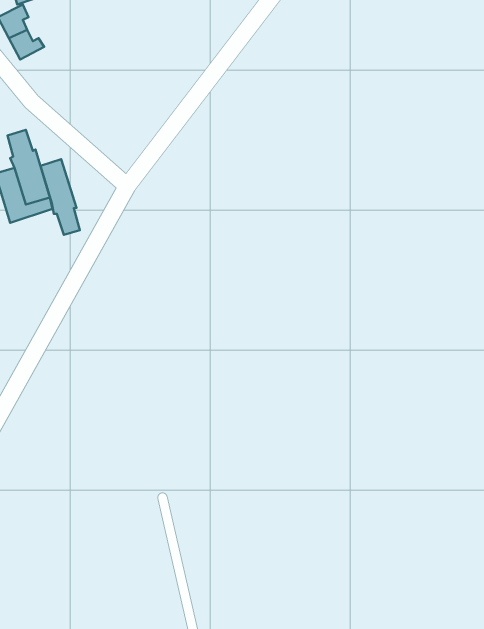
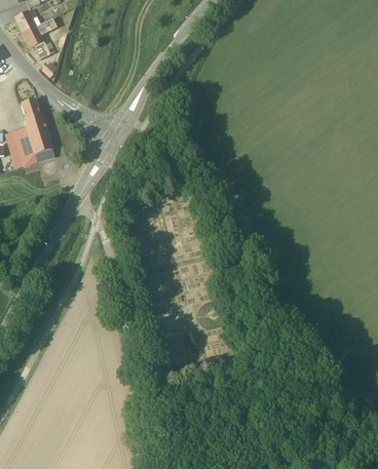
building: [40,159,80,235] -> none

